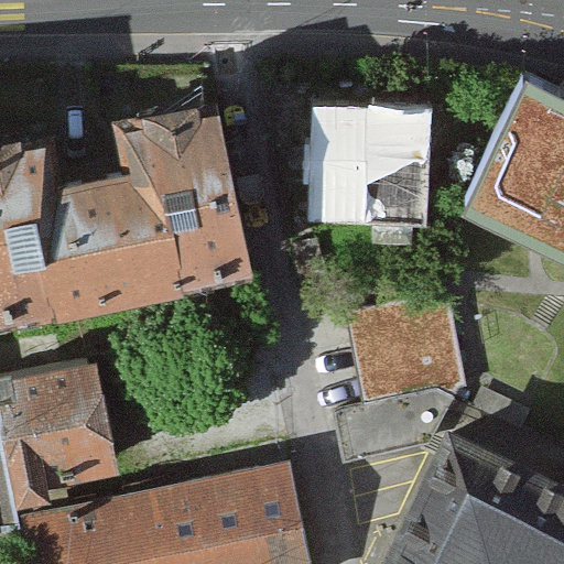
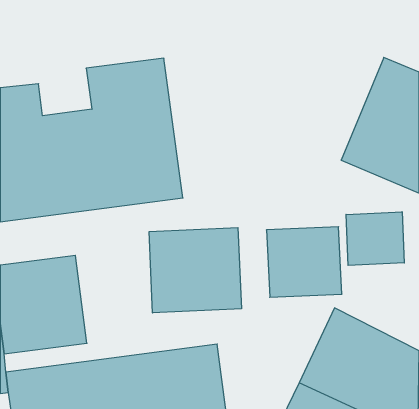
building: [296,94,438,230] -> none
building: none -> [346,212,404,265]
building: none -> [149,228,241,313]

